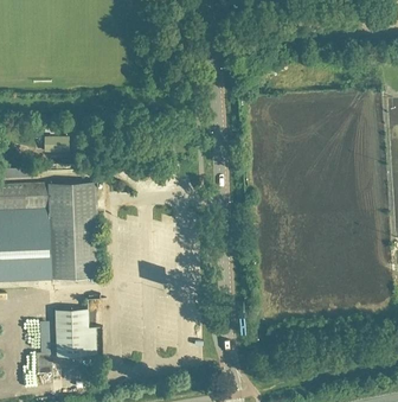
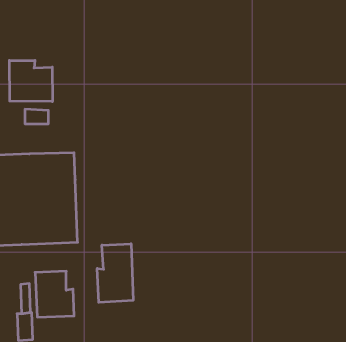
building: none -> [9,60,52,102]
building: none -> [97,244,133,302]

